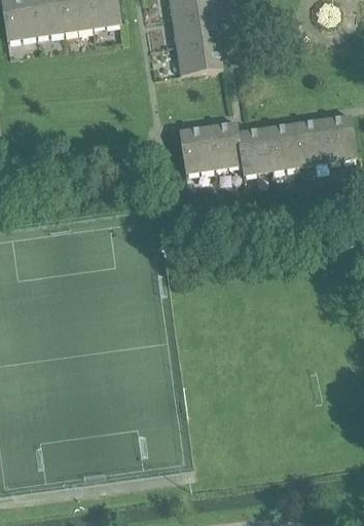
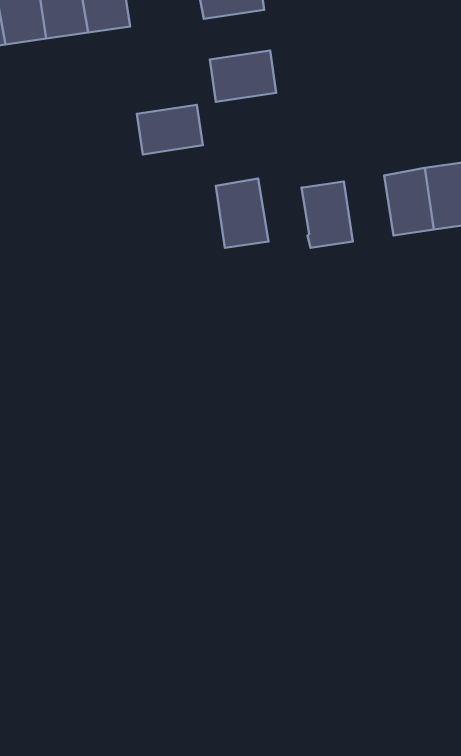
building: [161,11,207,45] -> [137,105,203,154]
building: [198,122,233,170] -> none
building: [257,124,291,170] -> none

